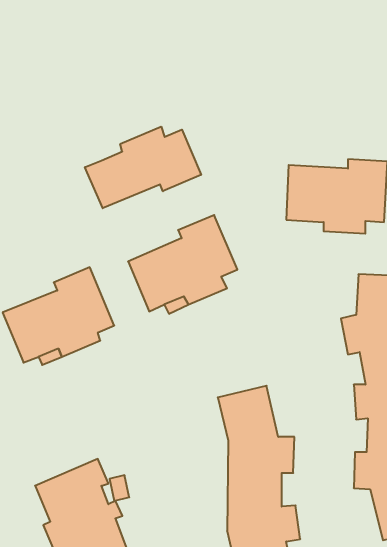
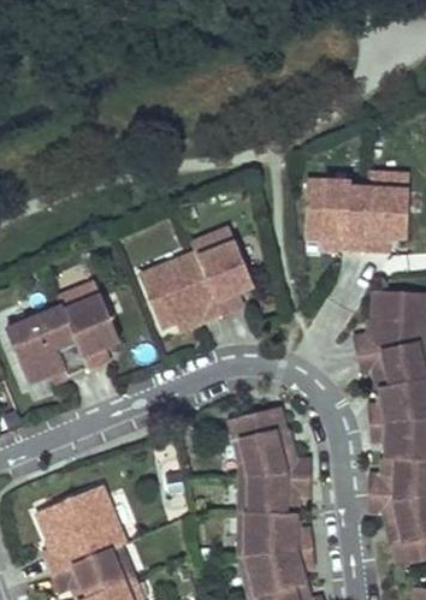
building: [85,127,201,208] -> none

